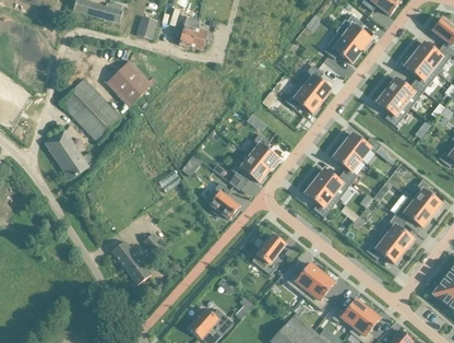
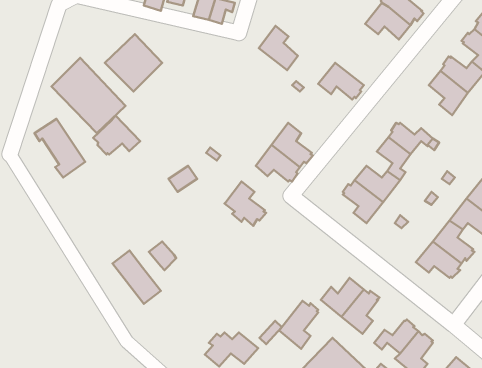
building: [298,64,331,102] -> [259,26,298,70]
building: none -> [93,115,140,155]
building: [252,235,285,275] -> [279,301,318,349]

